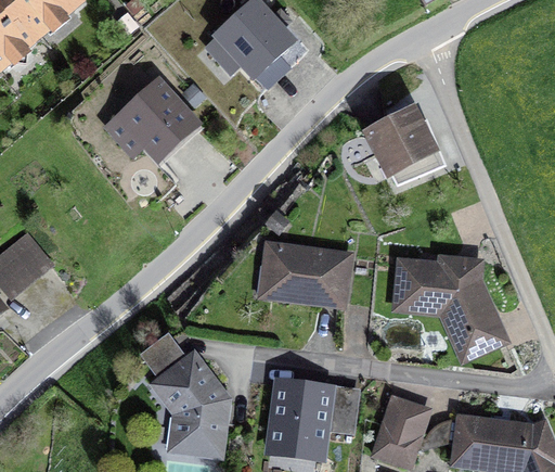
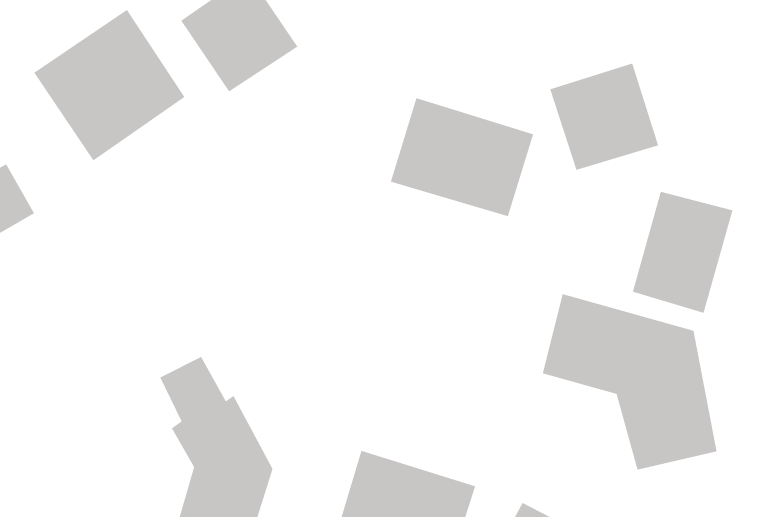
building: none -> [33,9,185,161]
building: none -> [632,191,734,314]
building: [266,241,353,308] -> [390,97,534,217]

